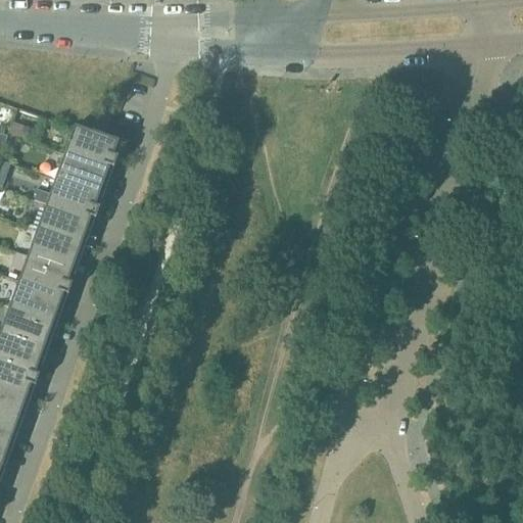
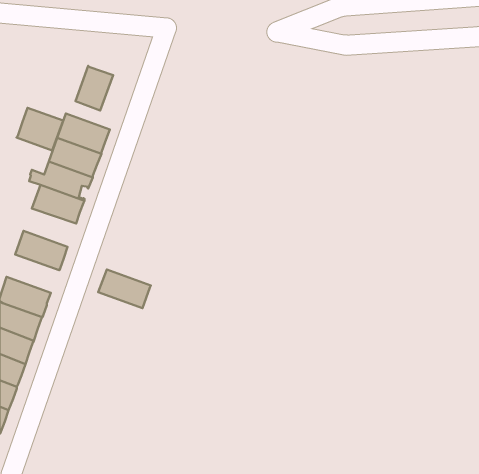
building: none -> [75,66,113,111]
building: none -> [16,108,63,150]
building: [26,227,83,269] -> none
building: [7,277,64,319] -> [98,270,151,308]

